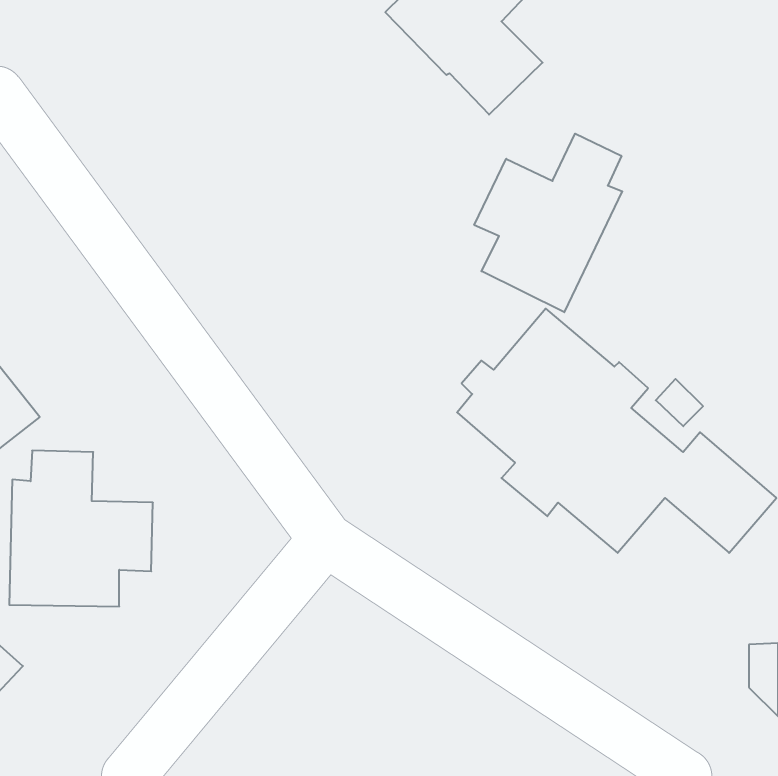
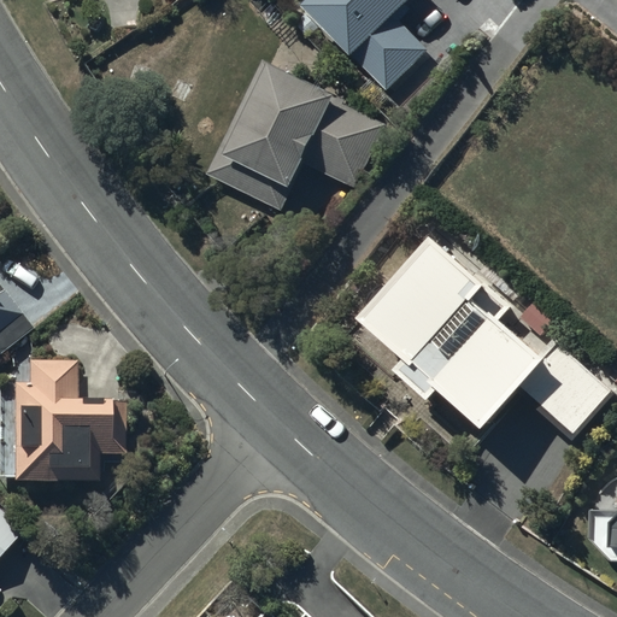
building: none -> [208,59,386,211]
building: [474,134,622,312] -> none

